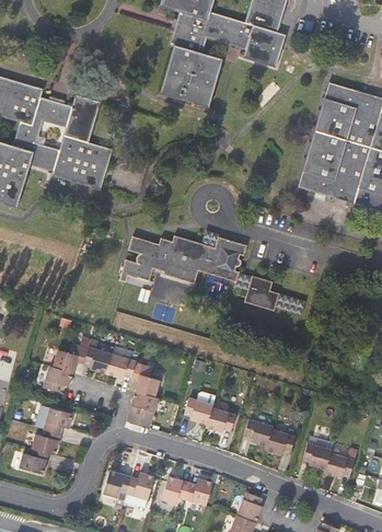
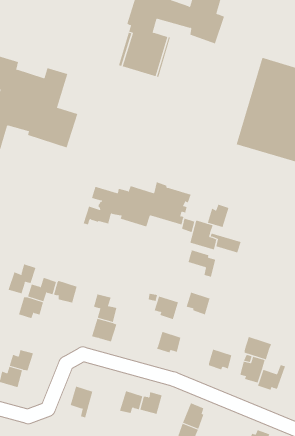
building: none -> [207,204,229,228]
building: none -> [188,250,216,278]
building: none -> [8,263,36,294]
building: [106,354,136,379] -> none
building: [183,396,212,425] -> [154,296,179,320]
building: [34,405,72,432] -> none
building: none -> [244,336,272,360]
building: [243,417,273,444] -> [186,292,211,315]
building: [126,472,154,499] -> none

